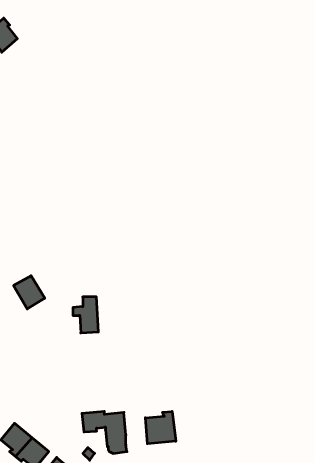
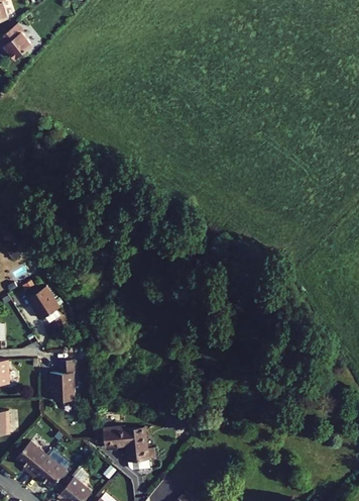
building: [73,297,98,333] -> [49,364,76,401]
building: [145,411,176,444] -> none

